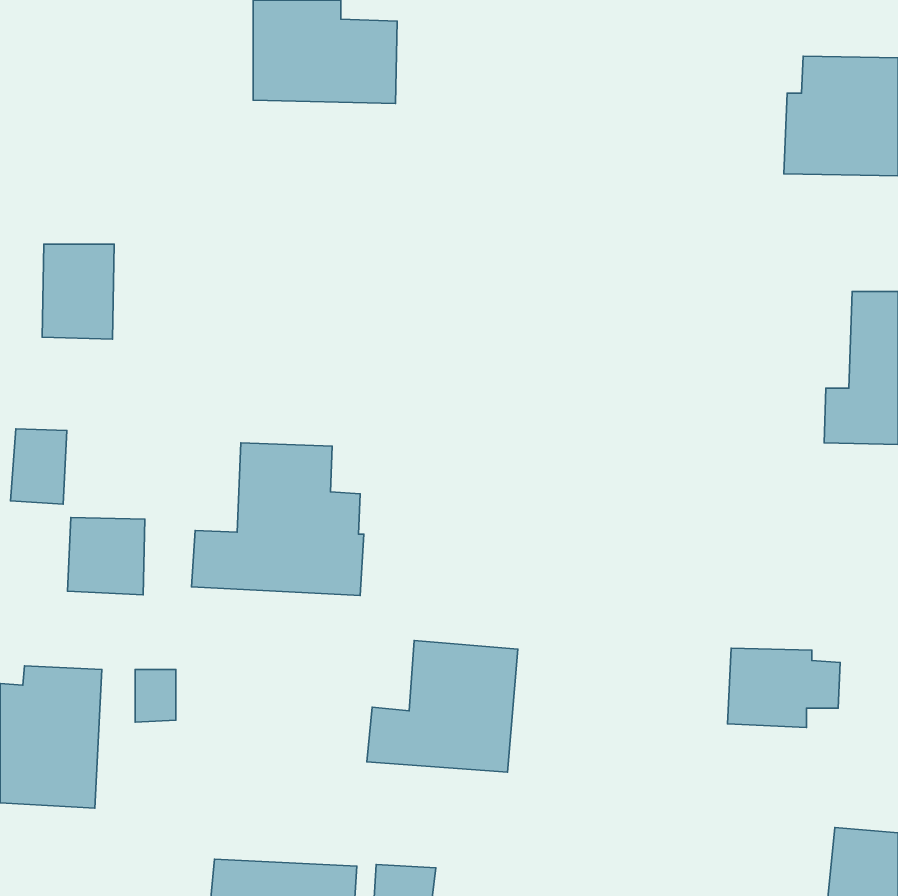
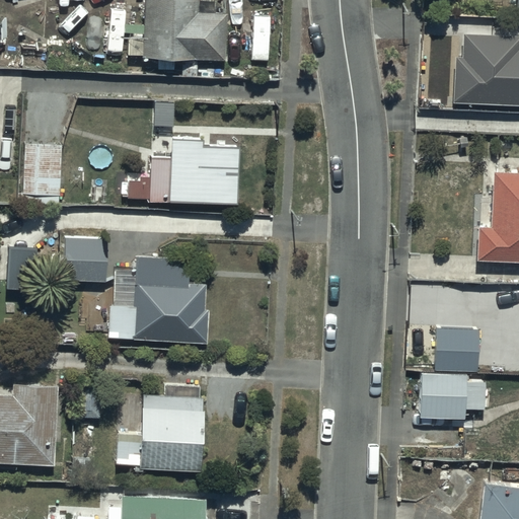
building: none -> [131,144,240,207]
building: [67,517,145,595] -> [66,236,110,281]
building: none -> [434,327,480,372]
building: [367,640,518,772] -> [118,396,205,472]

